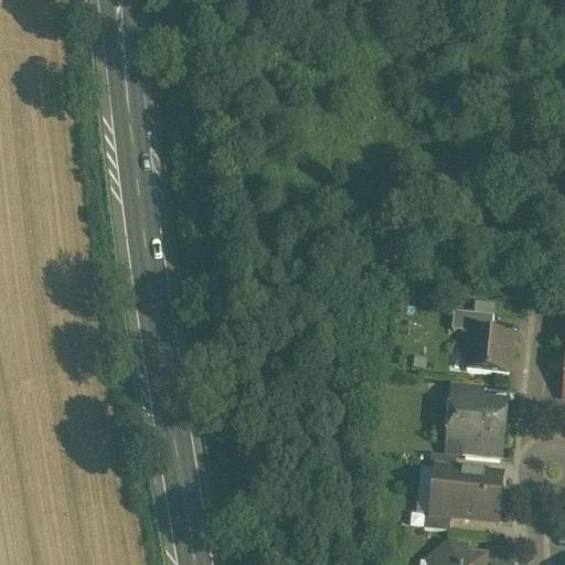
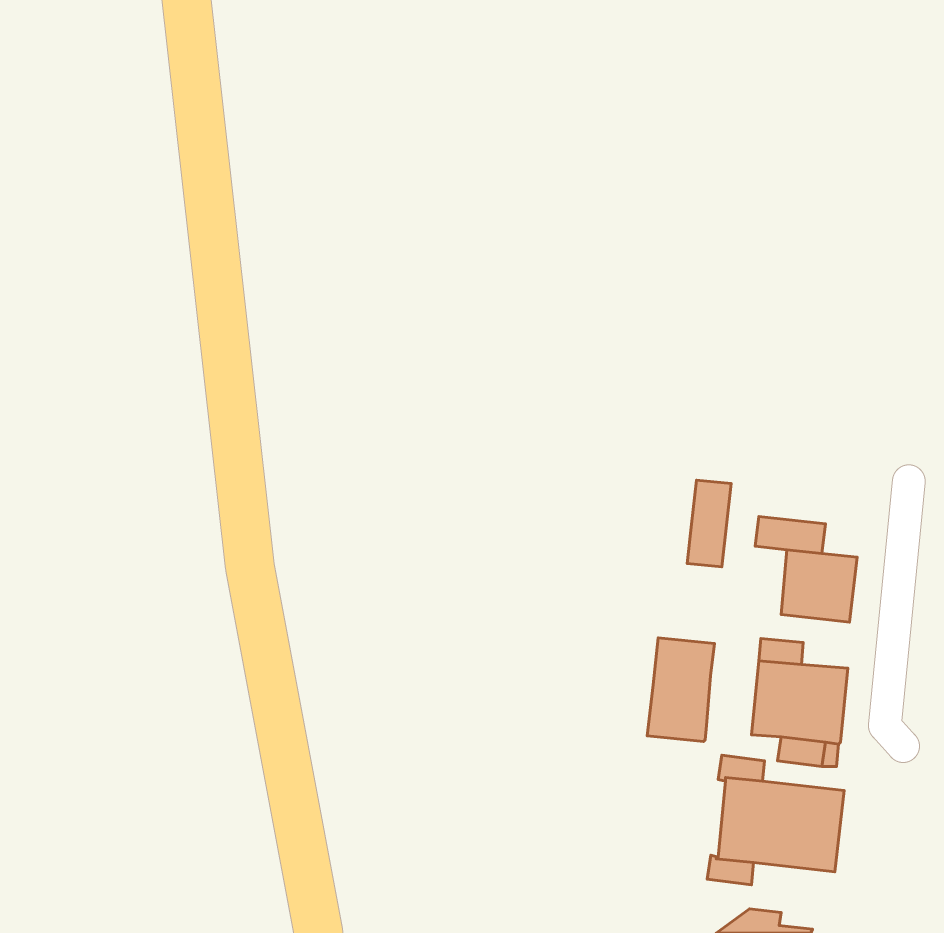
building: none -> [687,480,731,567]
building: none -> [647,638,715,741]

